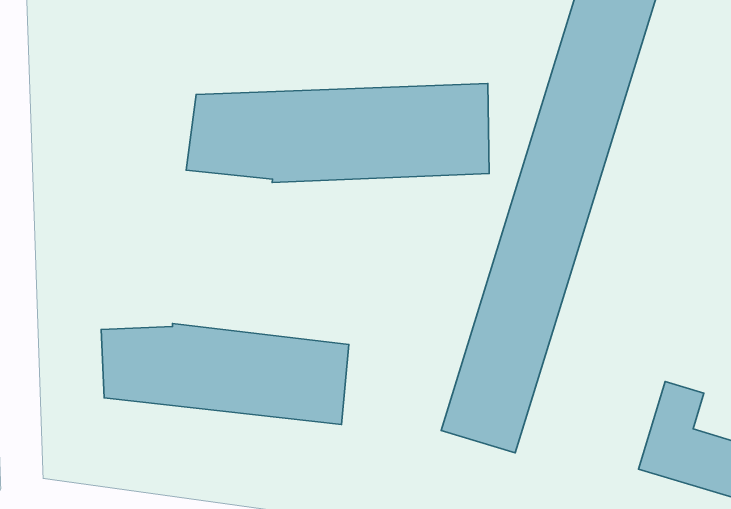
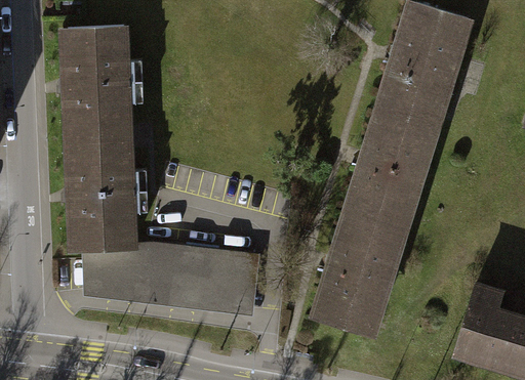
building: none -> [67,28,132,249]
building: [186,84,489,183] -> none

